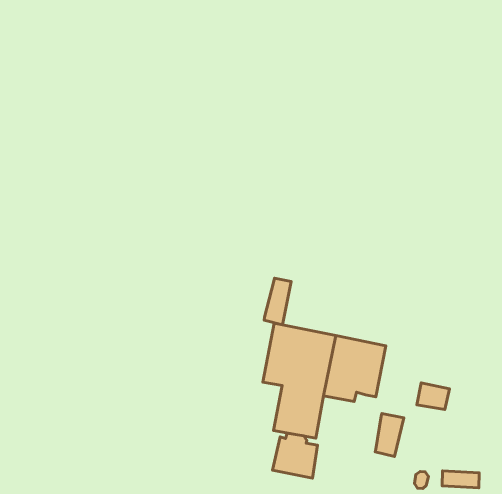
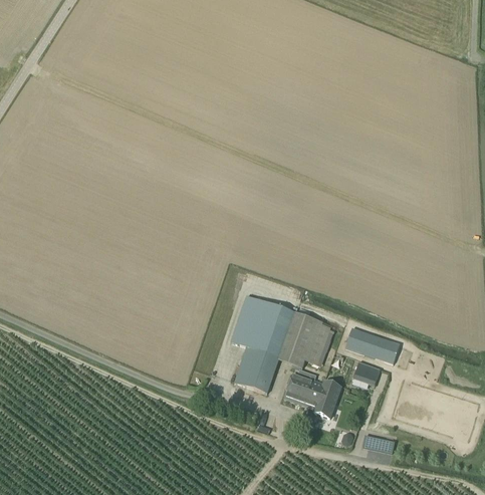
building: [264,278,291,325] -> none
building: none -> [346,327,401,361]
building: [273,433,318,478] -> [283,369,322,409]

